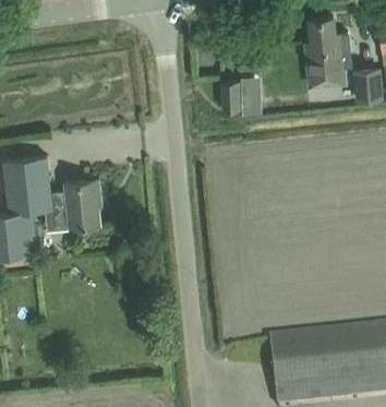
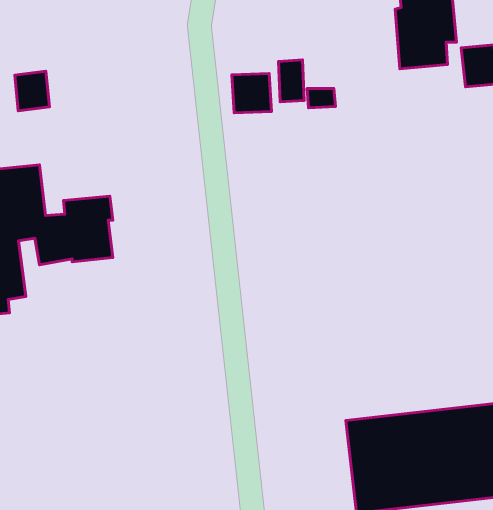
building: none -> [15,71,50,111]
building: none -> [232,73,271,113]

